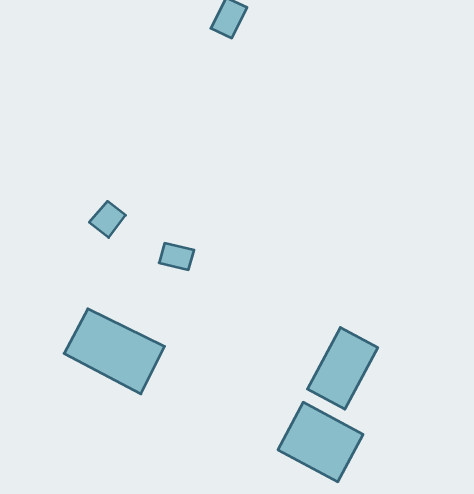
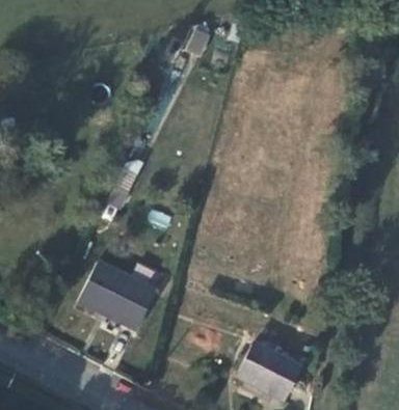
building: [307,327,378,409] -> none

